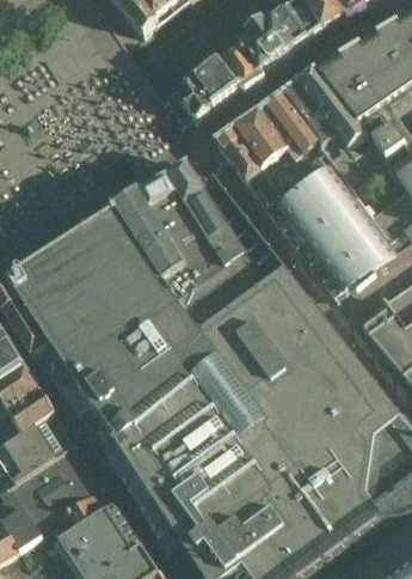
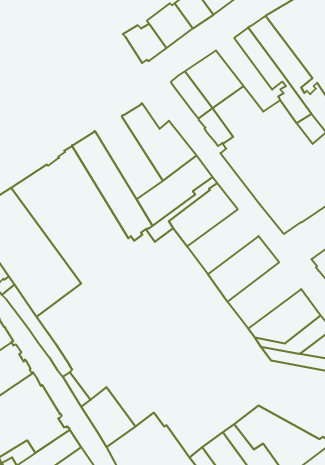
building: [263,90,330,166] -> none
building: [137,171,208,257] -> none
building: [233,268,307,335] -> none
building: [275,323,351,391] -> none

